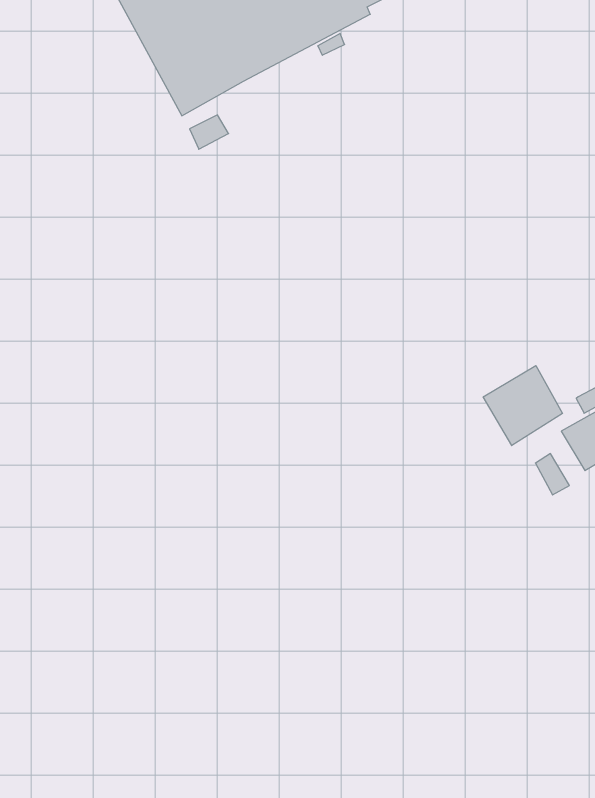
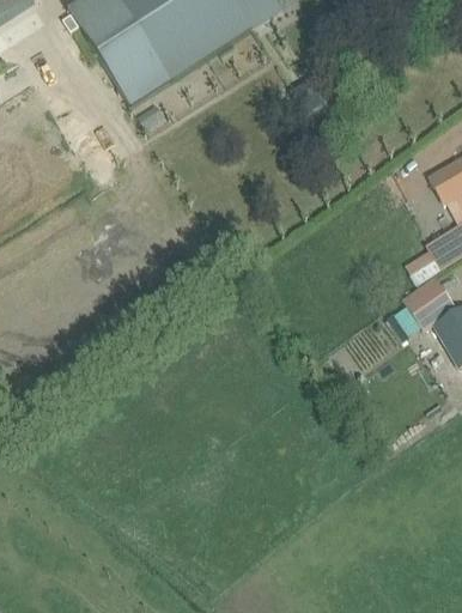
building: [483,366,562,446] -> none

